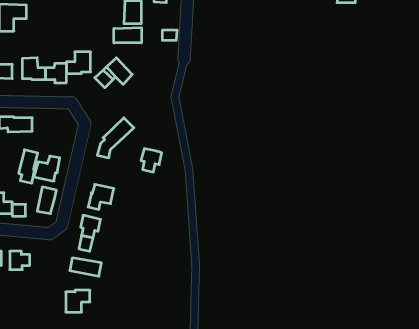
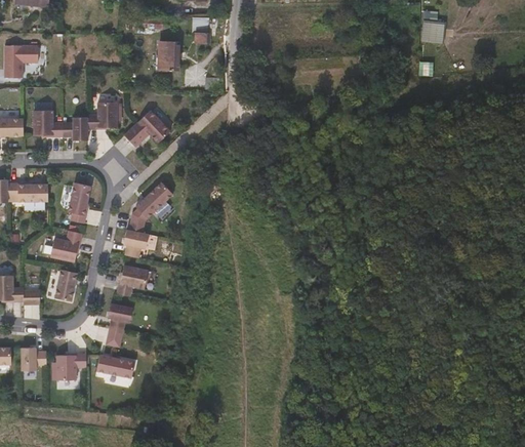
building: [114,28,141,43] -> none
building: [141,149,162,172] -> [122,230,148,258]
building: [19,150,38,183] -> [68,182,91,223]
building: [66,290,90,312] -> [55,354,85,380]

